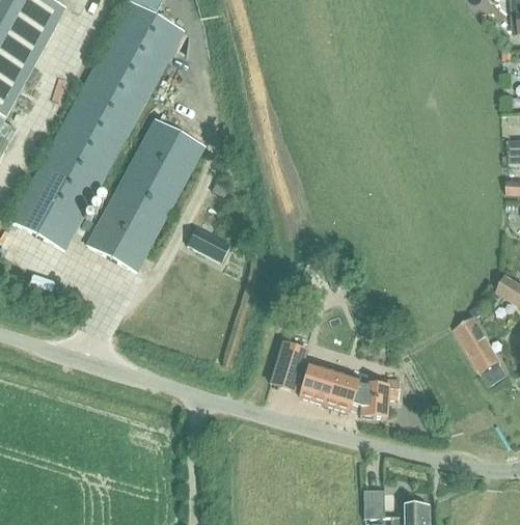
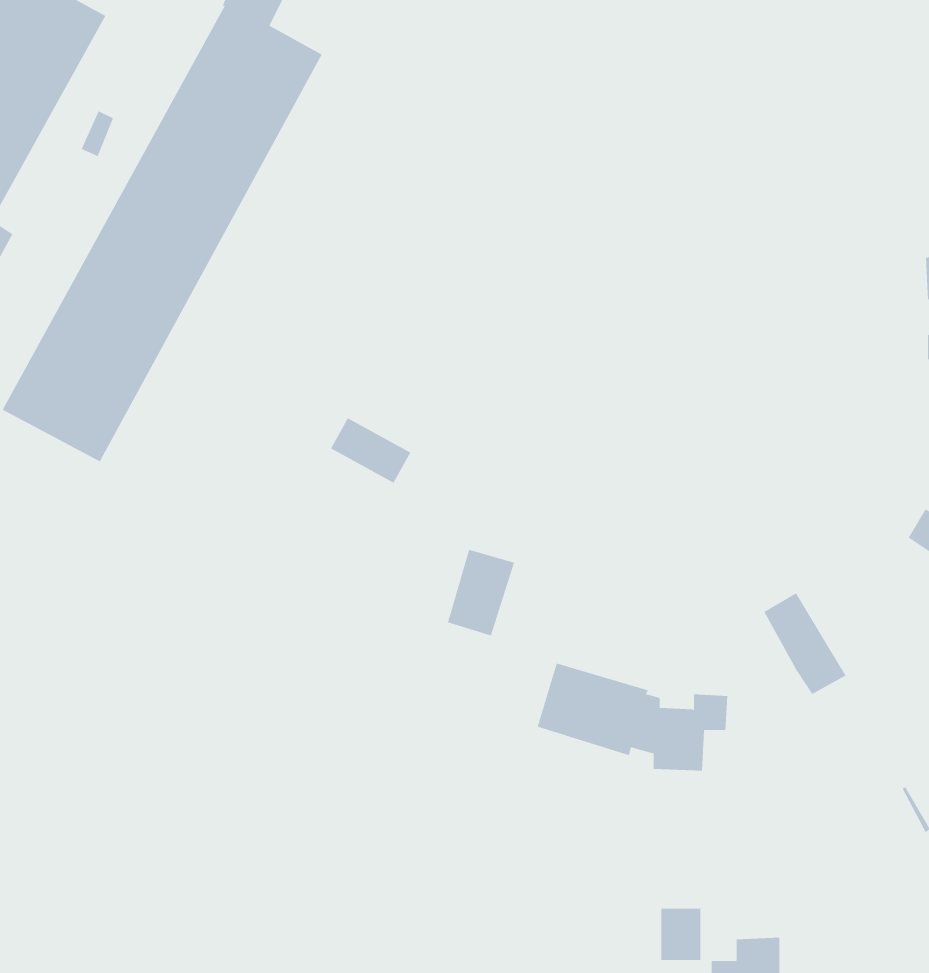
building: [86,120,203,273] -> none
building: [455,319,499,374] -> [764,592,847,695]
building: [270,341,306,388] -> [447,549,515,636]

